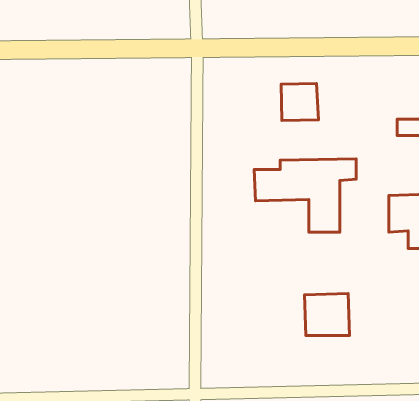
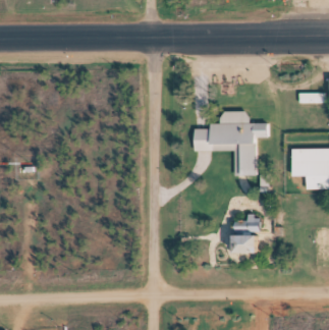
building: [281,84,318,120] -> none

